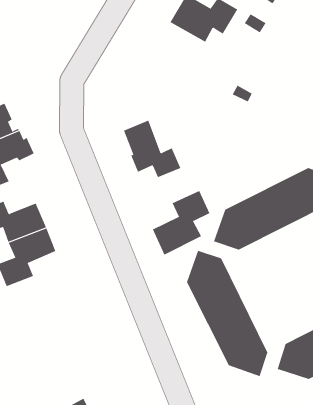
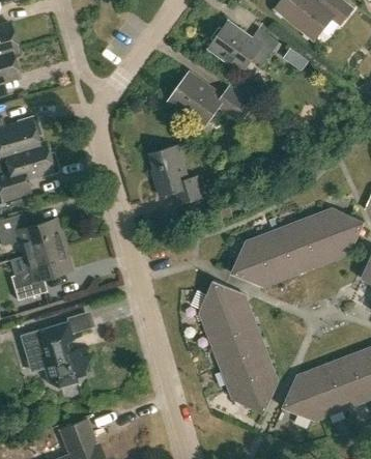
building: none -> [171,74,252,124]
building: [152,190,210,255] -> none
building: none -> [19,321,86,388]

